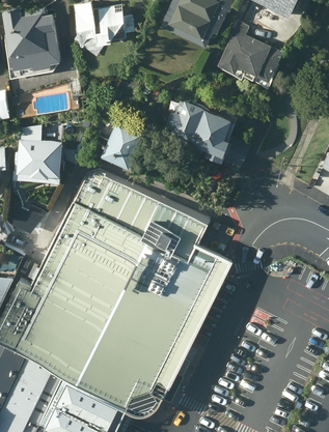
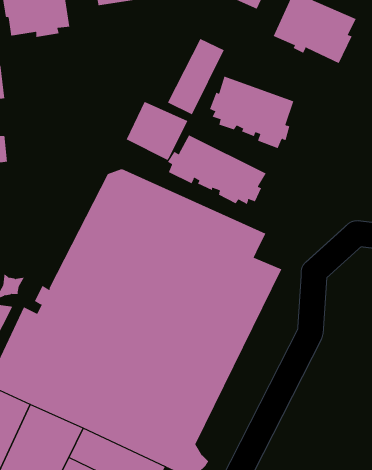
building: none -> [167,38,224,115]
building: [21,140,64,175] -> none
building: none -> [167,134,266,205]
building: [157,250,239,400] -> none

